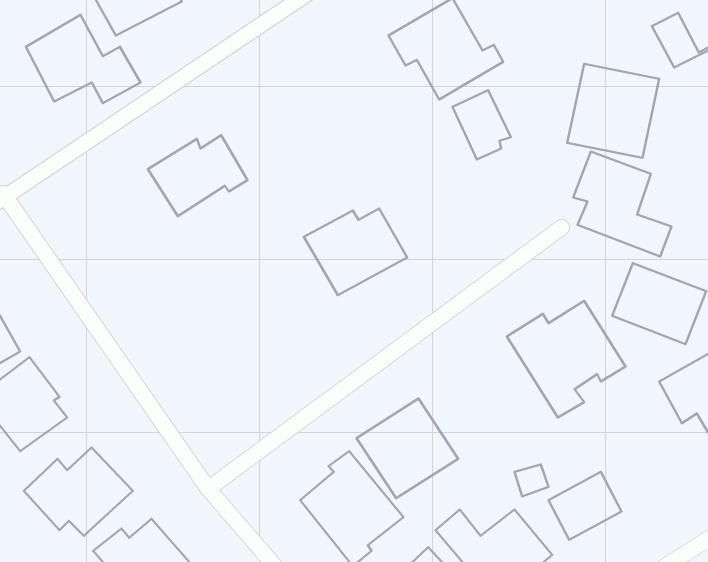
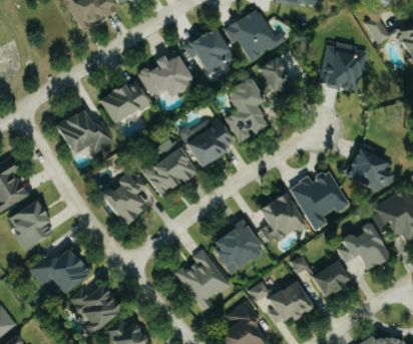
building: [26,15,141,103] -> [54,108,115,155]
building: none -> [185,26,236,78]
building: none -> [139,55,188,98]
building: none -> [225,78,267,142]
building: [573,151,672,257] -> none
building: none -> [144,148,195,193]
building: none -> [99,168,148,225]
building: none -> [258,193,304,243]
building: none -> [336,221,389,270]

